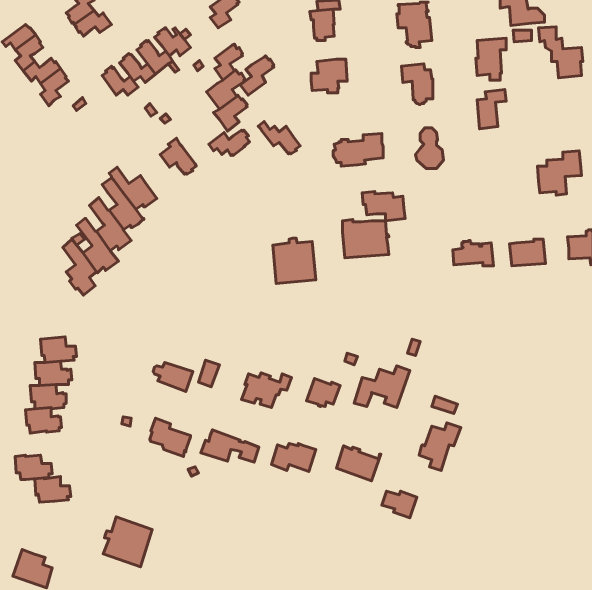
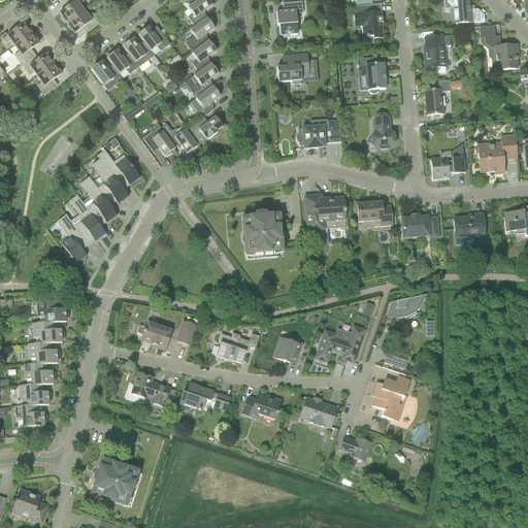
building: [240,56,274,95] -> [185,16,214,52]
building: [258,121,300,154] -> [161,124,198,153]
building: none -> [431,142,465,178]
building: [362,192,405,221] -> [355,200,393,226]
building: none -> [388,297,424,319]
building: [35,477,71,502] -> [20,383,52,405]

